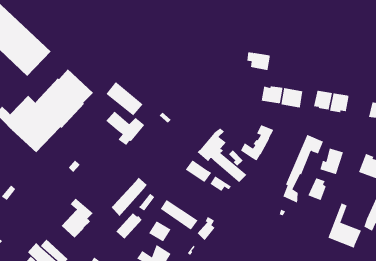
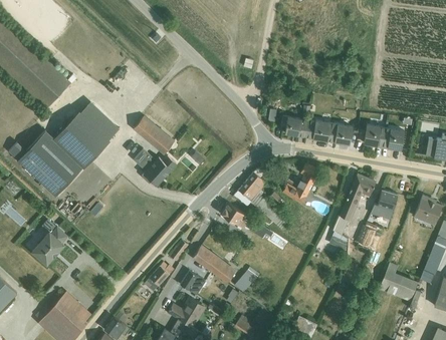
building: [246,52,271,71] -> [281,116,308,137]
building: [110,177,148,217] -> none
building: [61,198,93,238] -> [31,219,67,264]

